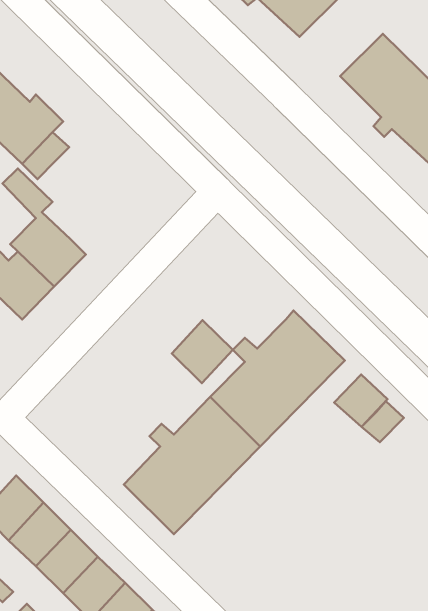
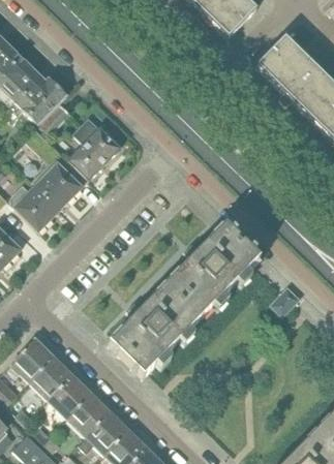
building: none -> [68,117,121,179]
building: [172,320,233,383] -> none
building: [334,375,387,427] -> none

